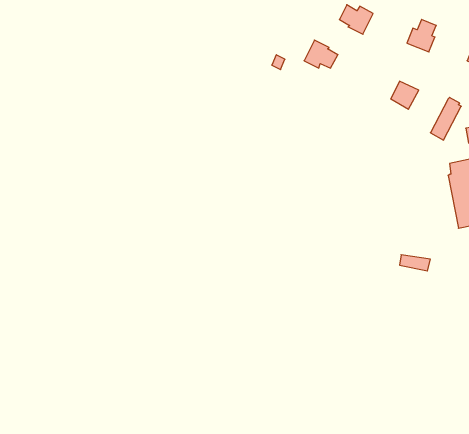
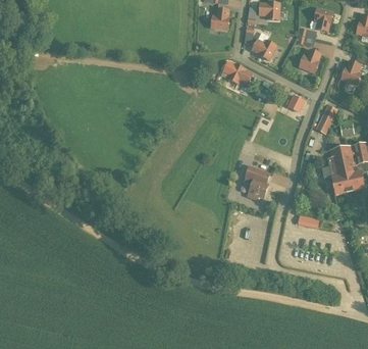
building: none -> [244,165,270,198]

